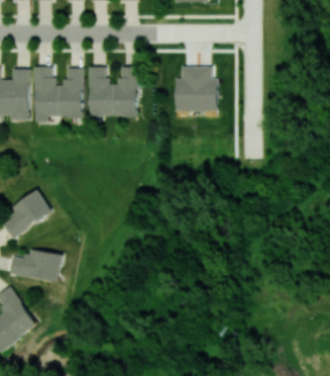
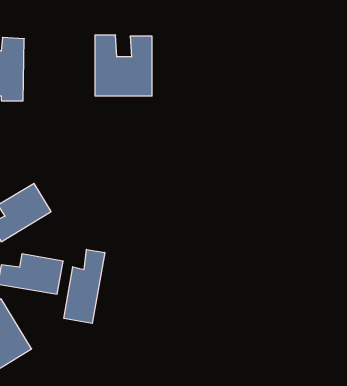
building: [34,66,83,121] -> none
building: [175,66,217,111] -> none
building: none -> [64,249,105,323]

